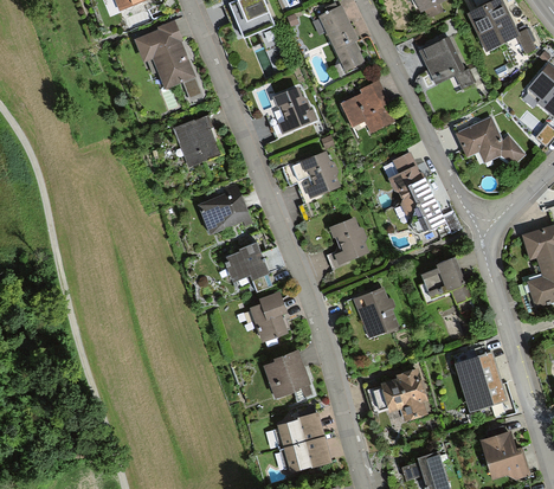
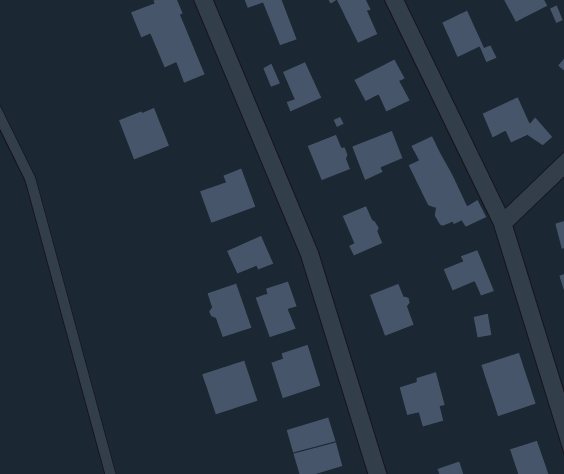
building: [174,120,221,168] -> [118,107,170,160]
building: none -> [351,130,403,181]
building: none -> [207,283,252,338]
building: none -> [202,360,258,415]

